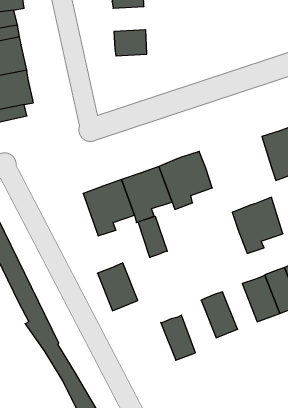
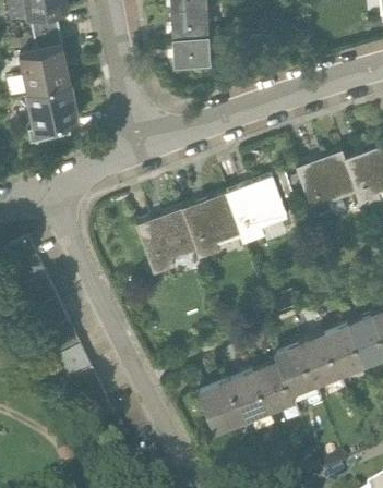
building: none -> [170,9,208,38]
building: [232,197,283,253] -> [296,152,355,218]
building: [138,216,167,258] -> none
building: [97,263,138,311] -> [196,377,243,432]
building: none -> [298,331,338,385]
building: none -> [250,358,294,412]

